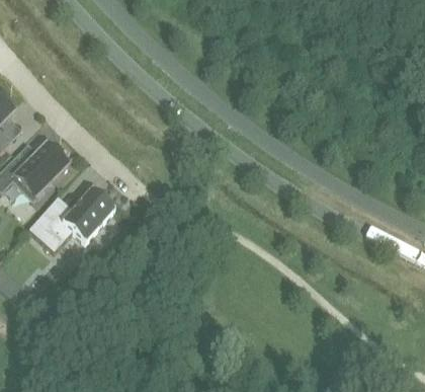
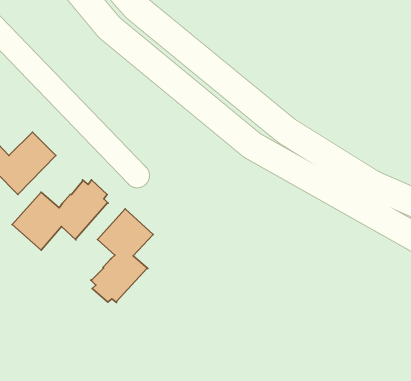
building: none -> [91,209,153,303]

